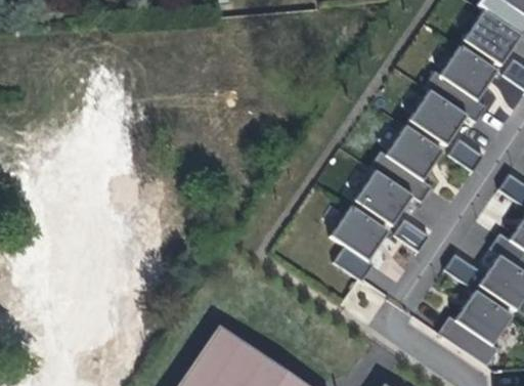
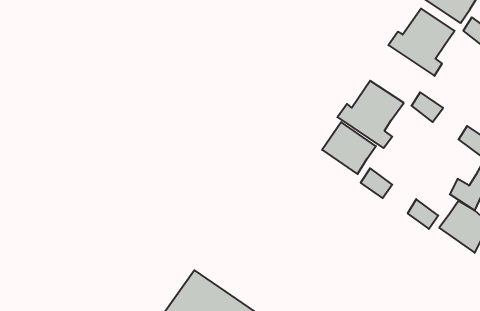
building: [408,90,466,145] -> none
building: [332,206,387,278] -> none
building: [440,291,510,363] -> none

